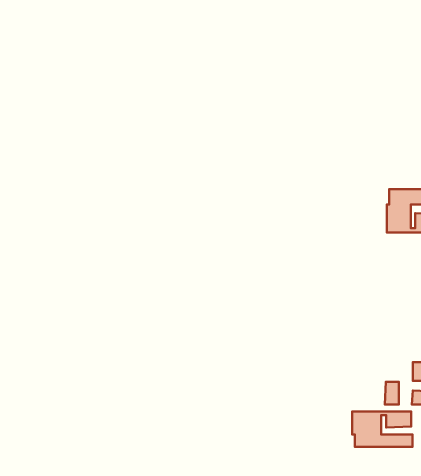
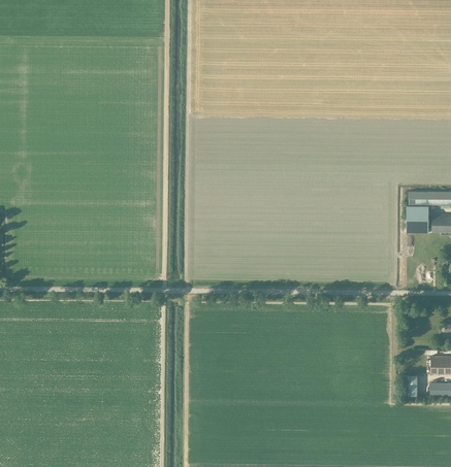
building: [352,412,413,447] -> none

